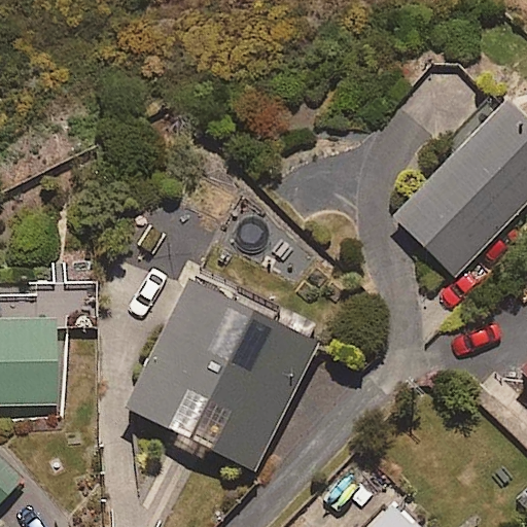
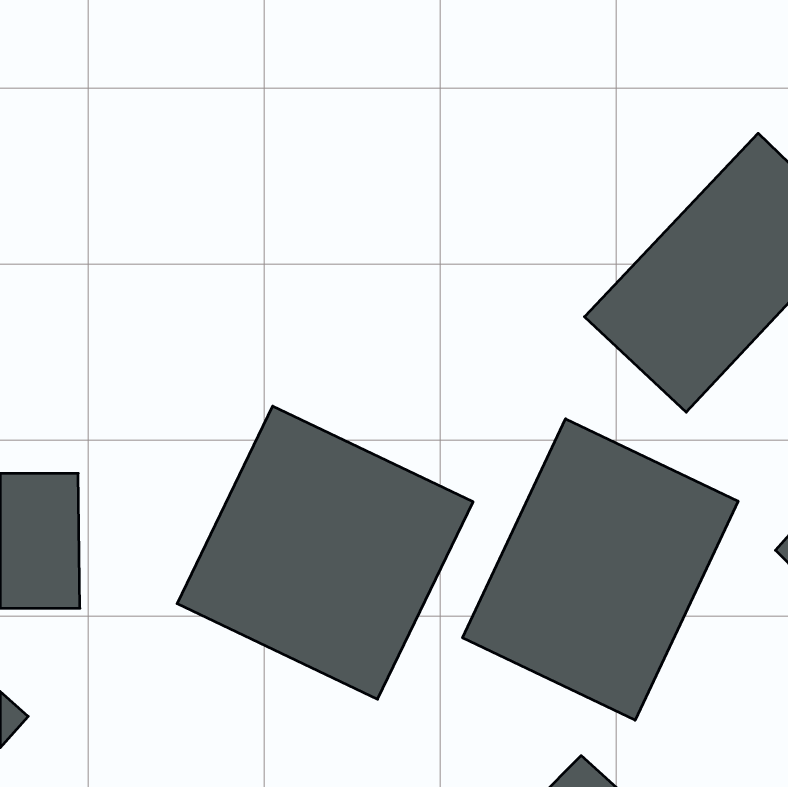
building: none -> [463,419,738,720]

